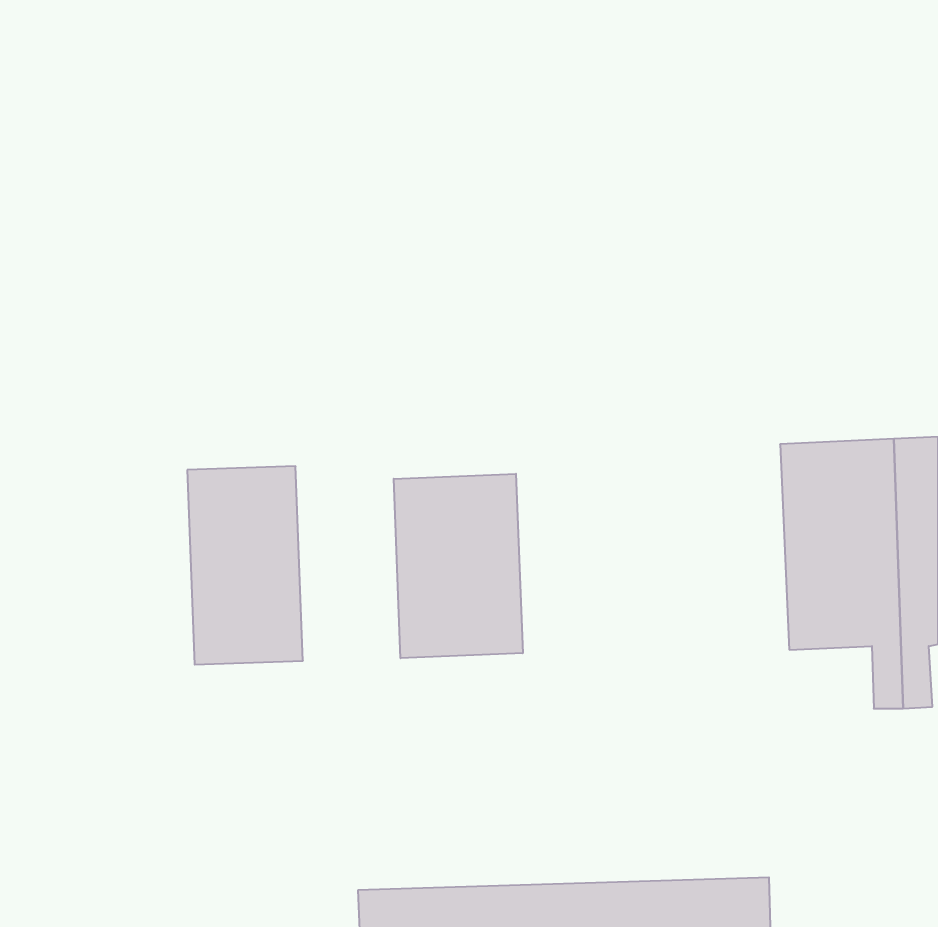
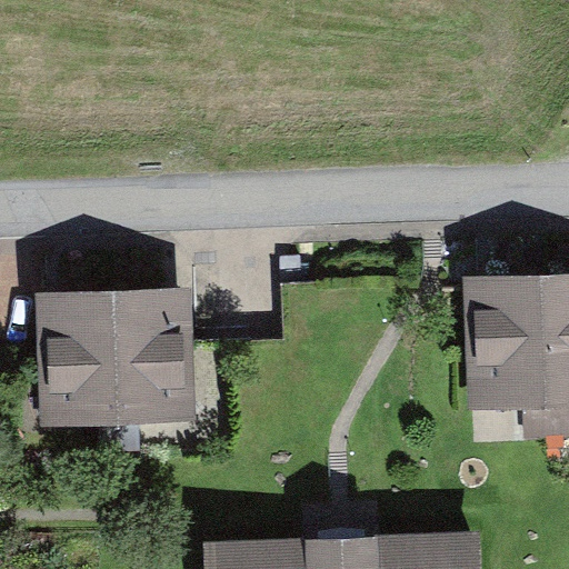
building: none -> [48,291,118,411]
building: [394,474,523,658] -> none

